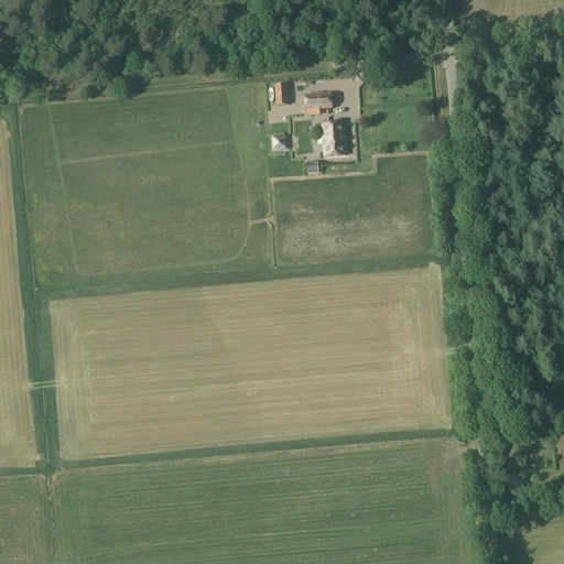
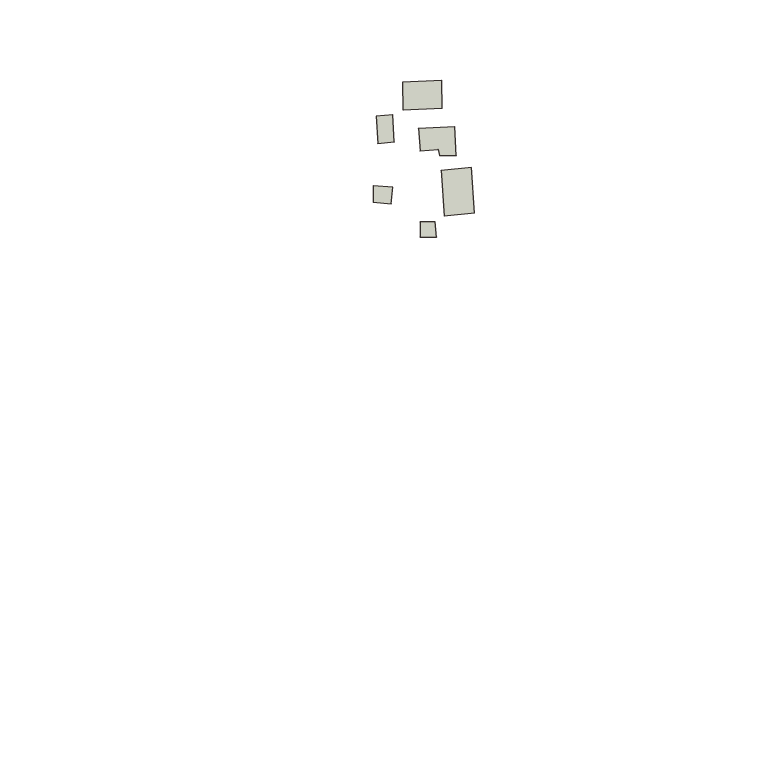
building: none -> [403,80,442,110]

